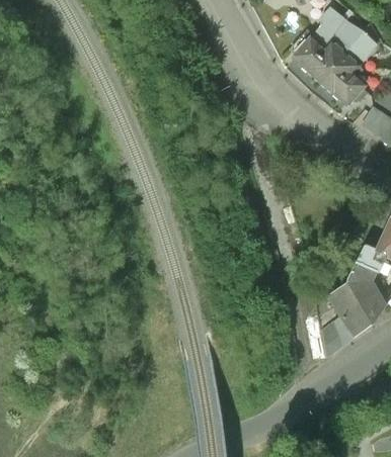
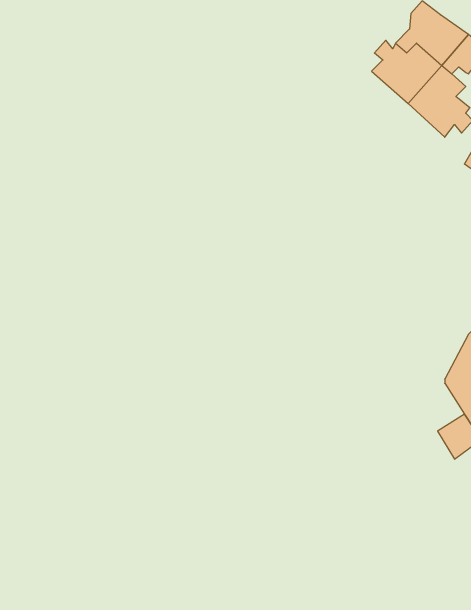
building: [328,282,361,316] -> none
building: [320,322,345,357] -> none

